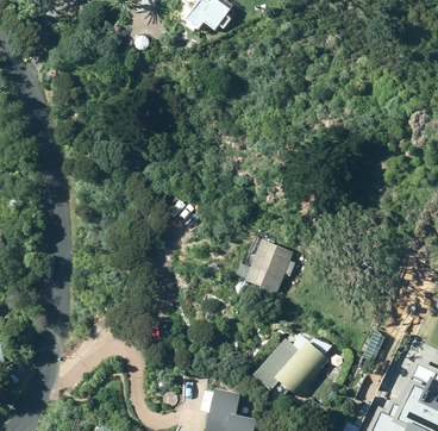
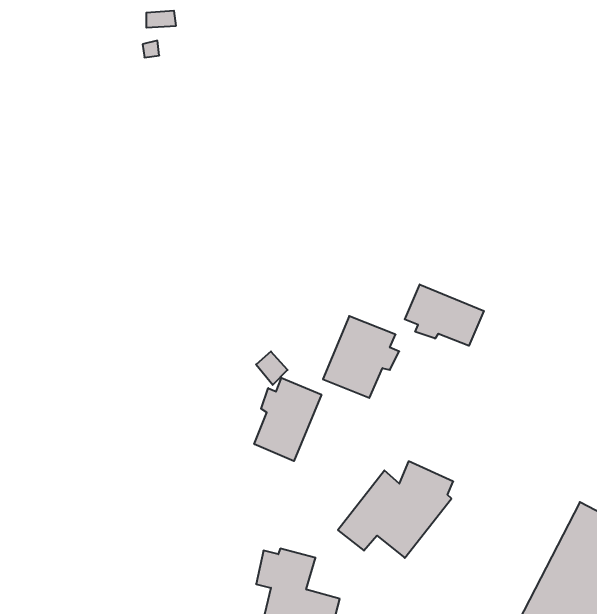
building: none -> [405,284,484,346]
building: none -> [254,378,321,461]

